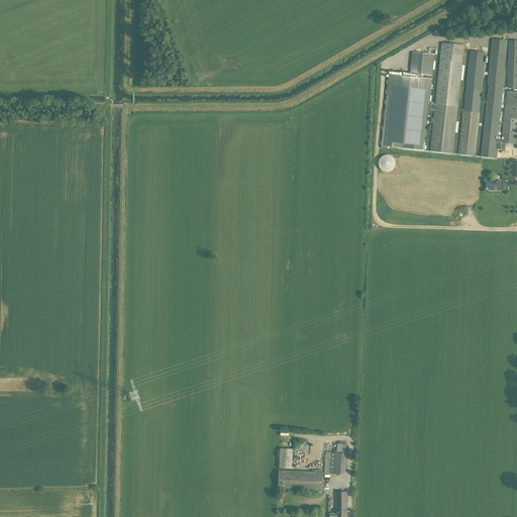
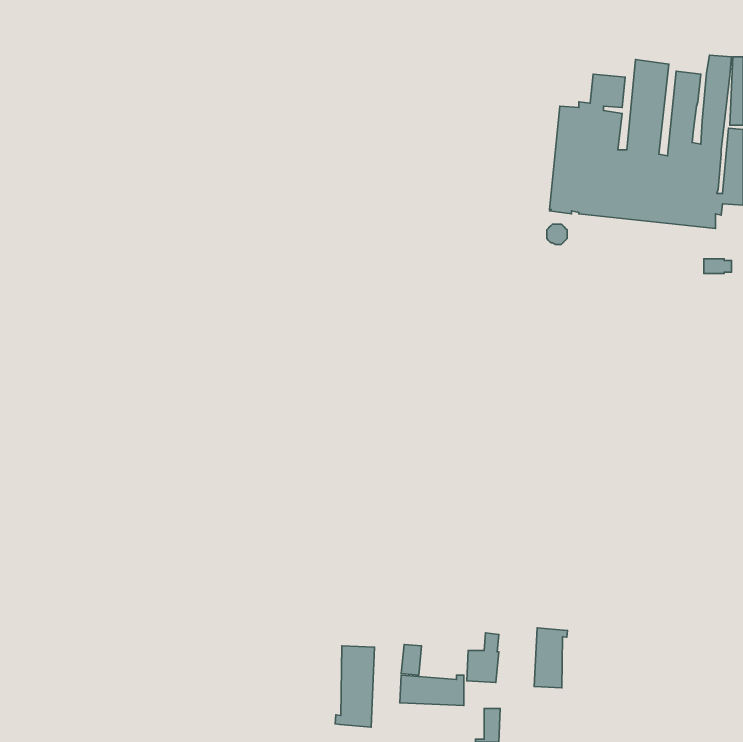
building: none -> [534,628,567,688]
building: none -> [335,646,375,727]

